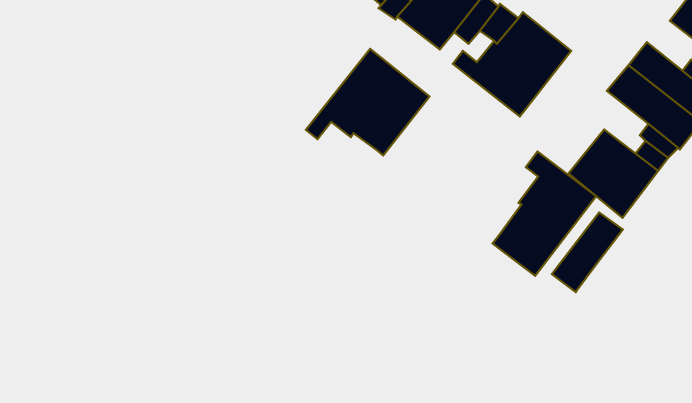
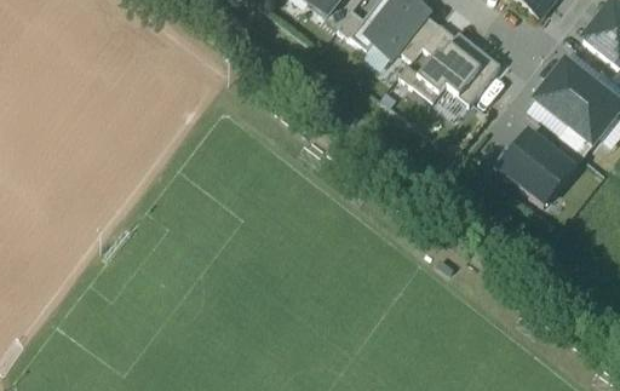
building: [306,49,429,155] -> none
building: [493,152,596,276] -> none
building: [552,212,623,292] -> none

